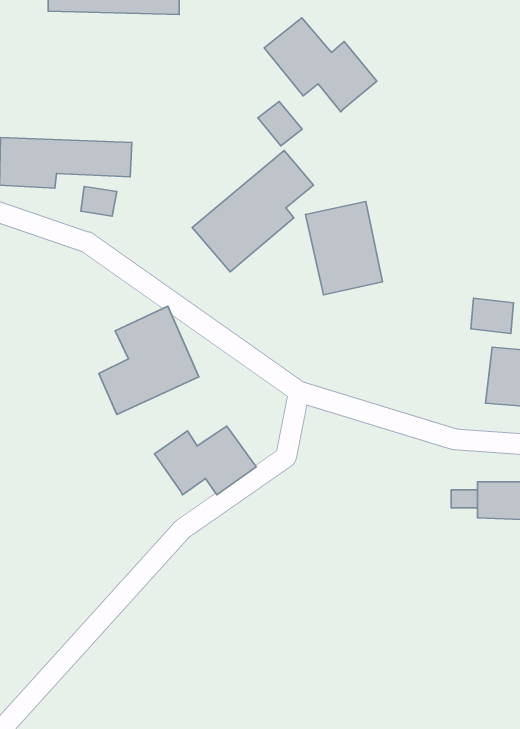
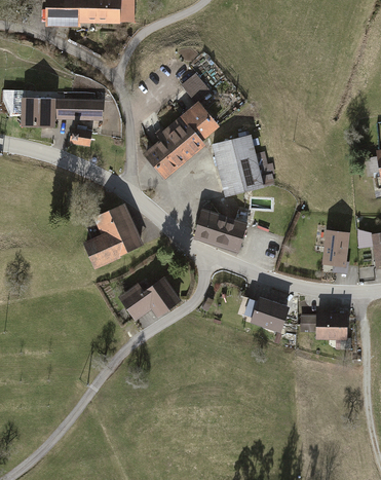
building: [264,18,377,112] -> none
building: [471,298,513,334] -> none
building: none -> [193,210,246,253]
building: none -> [245,297,288,328]

